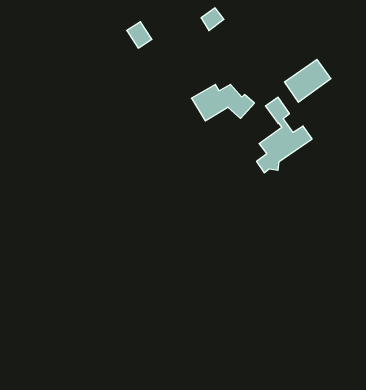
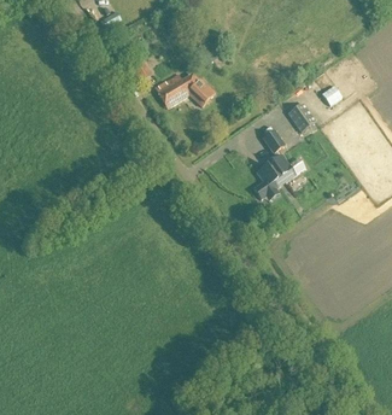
building: [191,84,254,121] -> [153,72,213,107]

